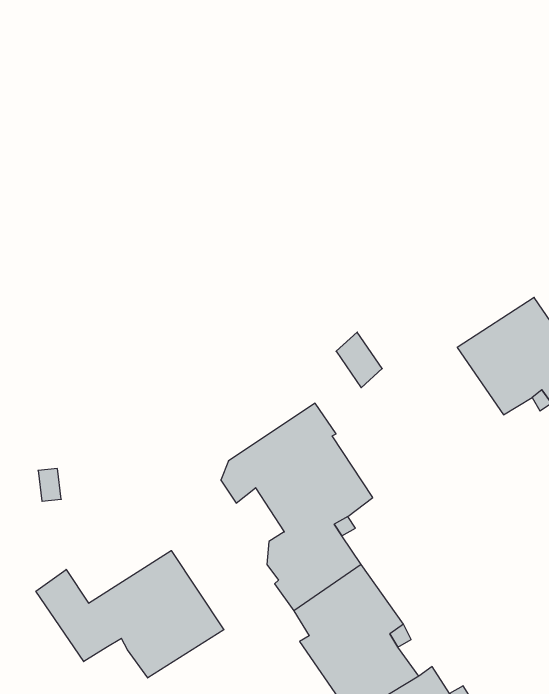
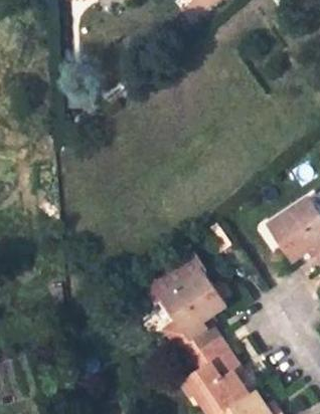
building: [36,551,224,678] -> none

